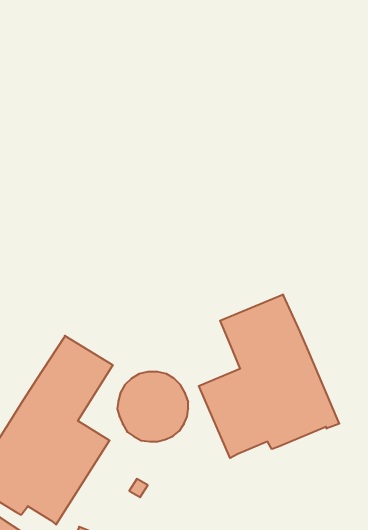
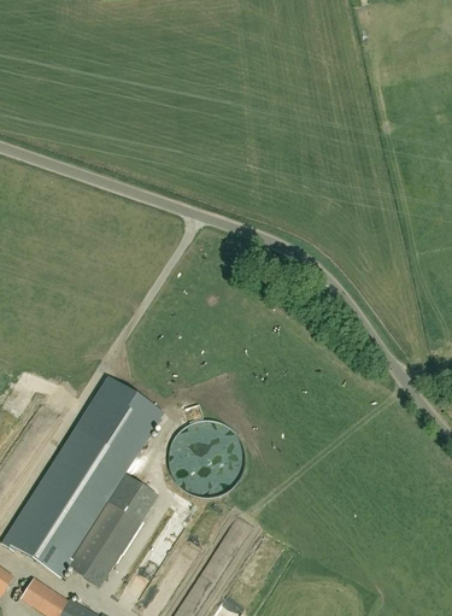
building: [199,294,339,458] -> none

